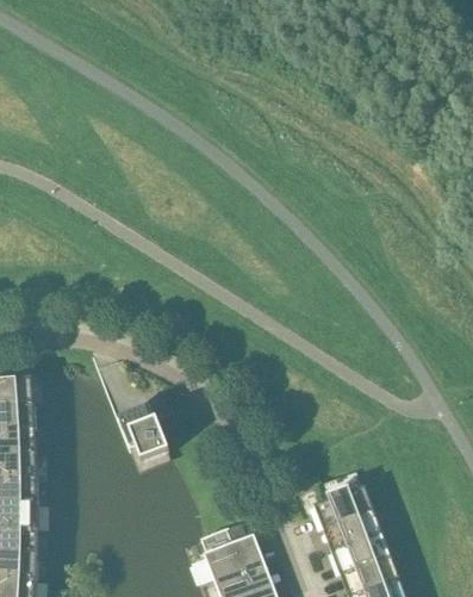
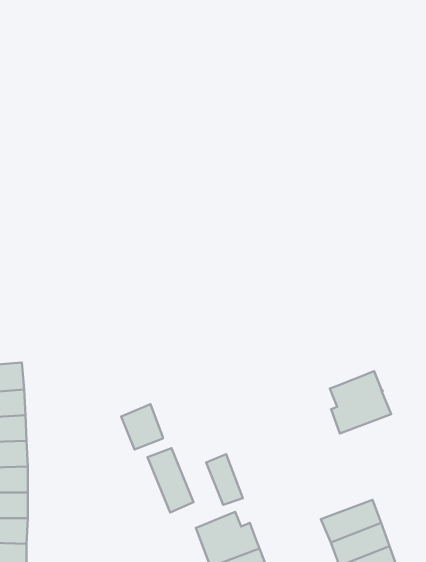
building: none -> [148,448,194,513]
building: none -> [206,454,243,505]
building: [315,474,374,535] -> [330,371,391,434]

